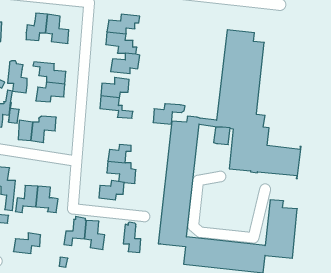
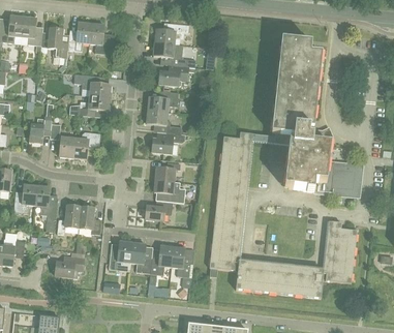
building: [8,61,27,93] -> [47,24,67,58]
building: [153,104,185,124] -> [151,132,185,154]
building: none -> [148,243,173,290]

